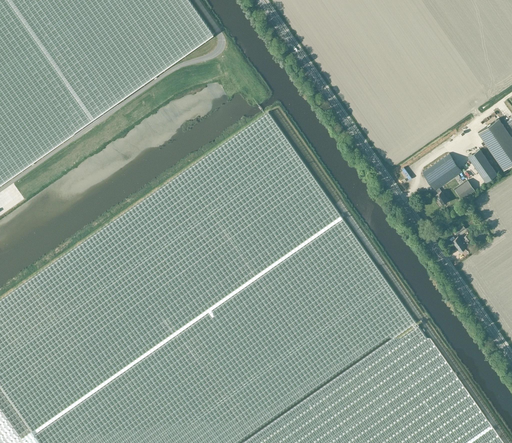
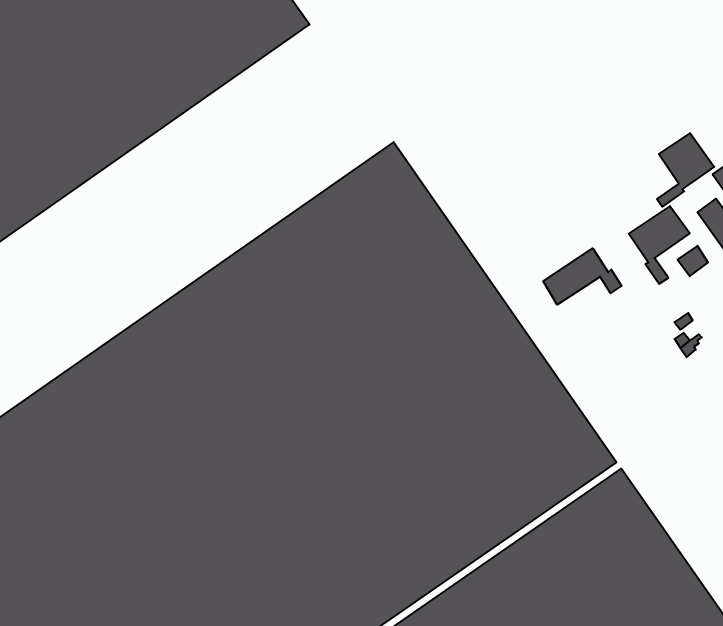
building: none -> [657,133,714,207]
building: none -> [543,248,622,305]

